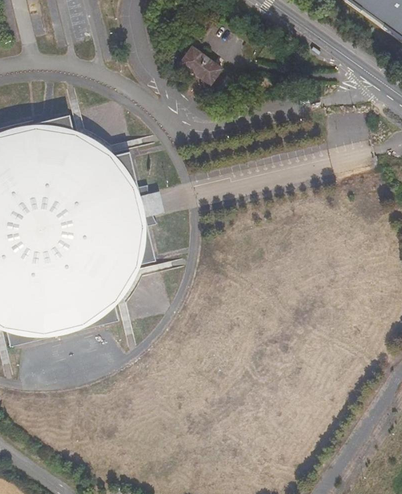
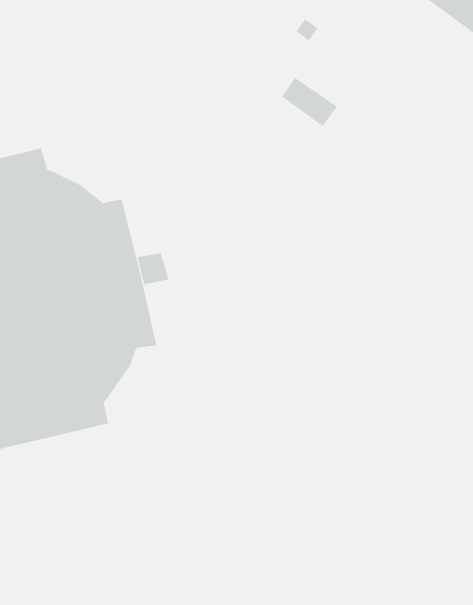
building: [179,45,221,82] -> [281,77,338,127]

